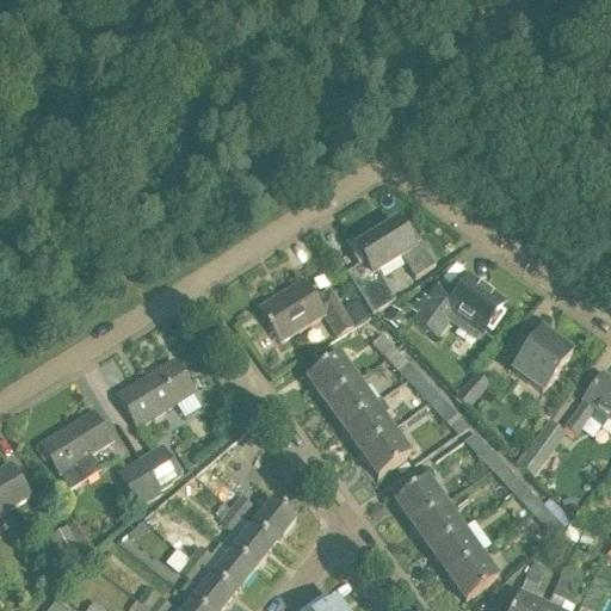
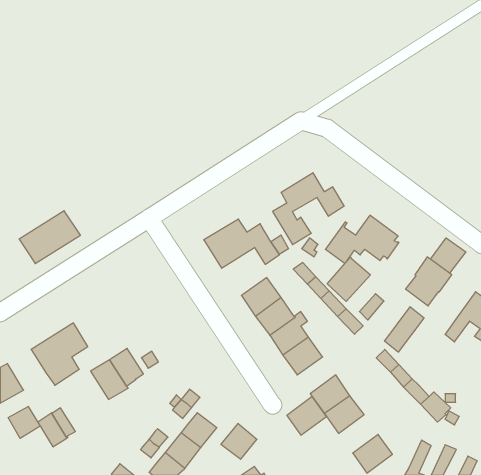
building: none -> [431,238,466,273]
building: none -> [327,257,370,301]
building: [117,357,195,424] -> [19,211,80,264]
building: [517,418,567,475] -> [384,307,424,352]
building: [251,495,296,541] -> [221,423,257,459]
building: none -> [8,406,40,438]
building: [430,524,480,573] -> [287,397,326,435]

